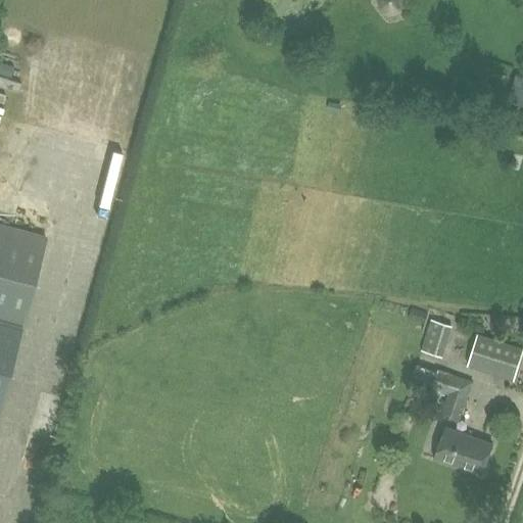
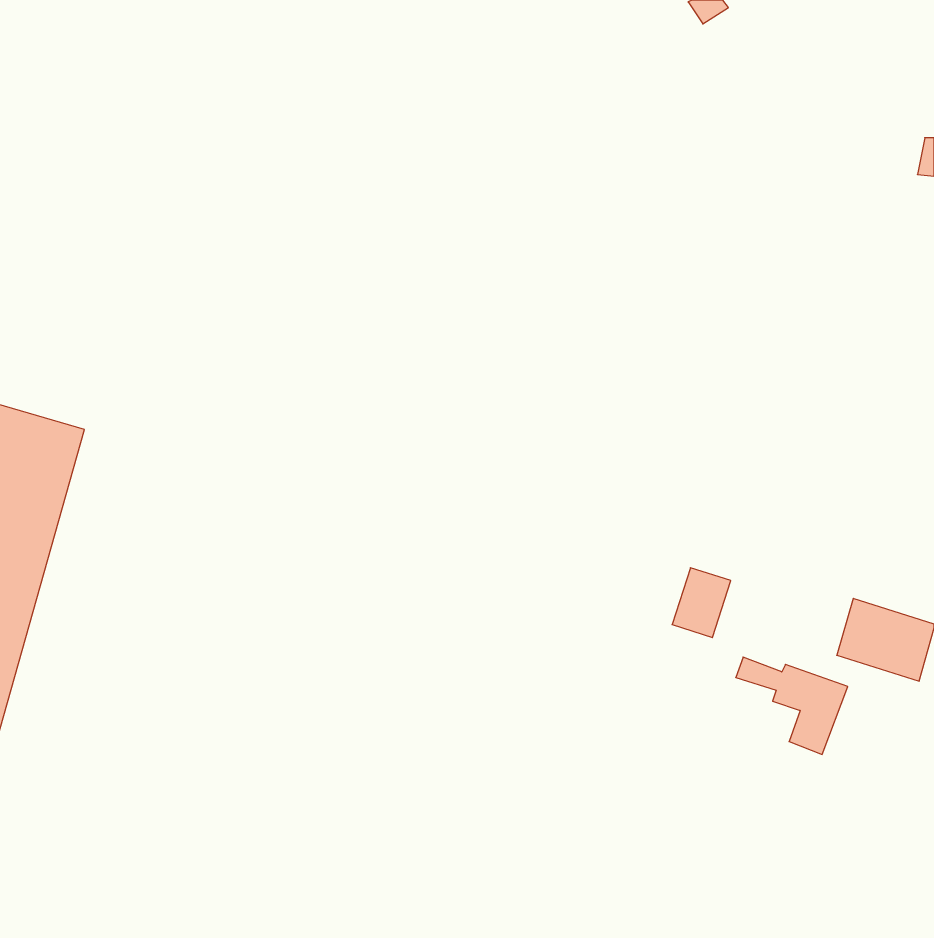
building: [418,319,450,358] -> [672,568,731,638]
building: [433,427,491,475] -> none

